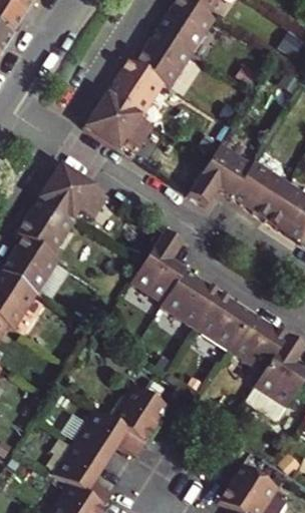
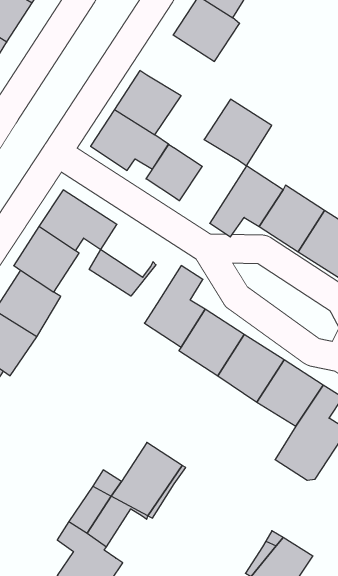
building: [132,31,192,89] -> [204,99,272,166]
building: none -> [146,144,202,201]
building: none -> [89,250,156,296]

